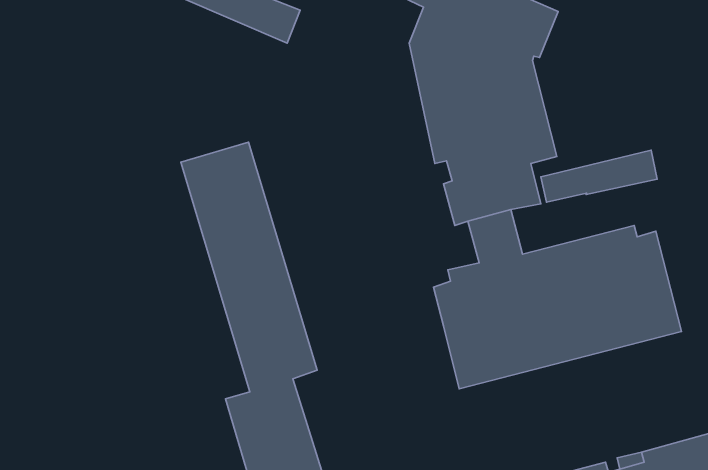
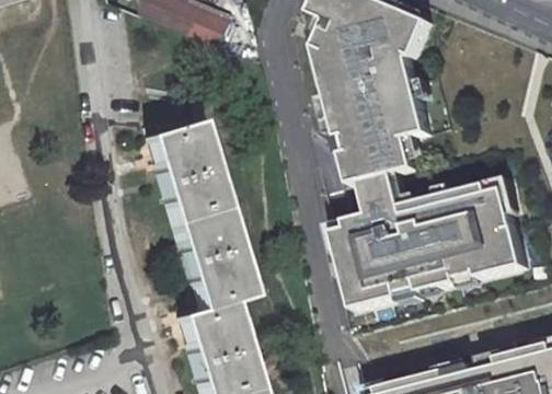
building: [541,150,657,202] -> none

